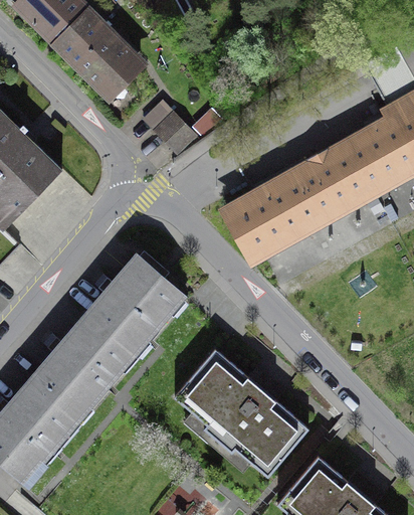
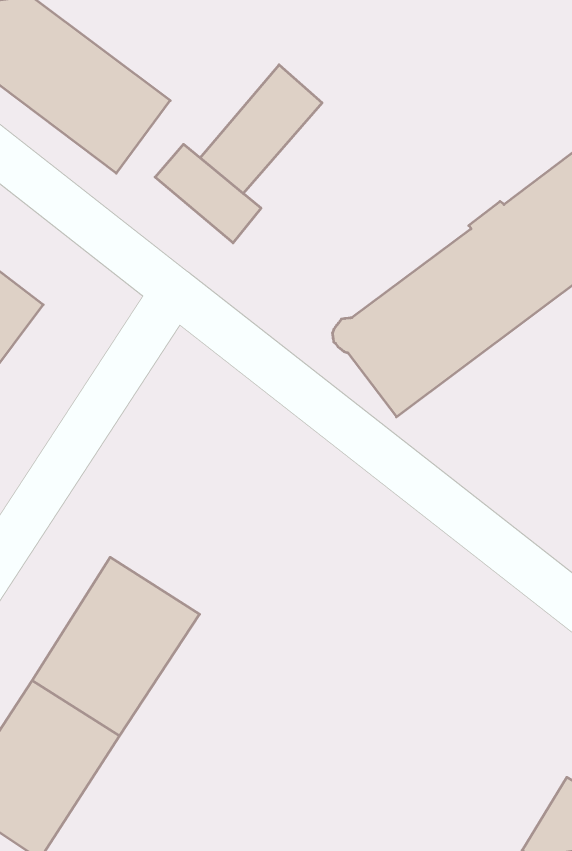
building: none -> [200,65,322,194]
building: [83,258,180,355] -> none
building: [183,365,302,479] -> none

